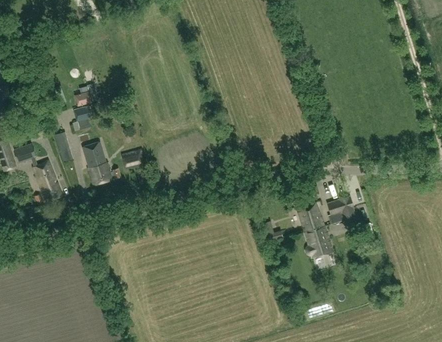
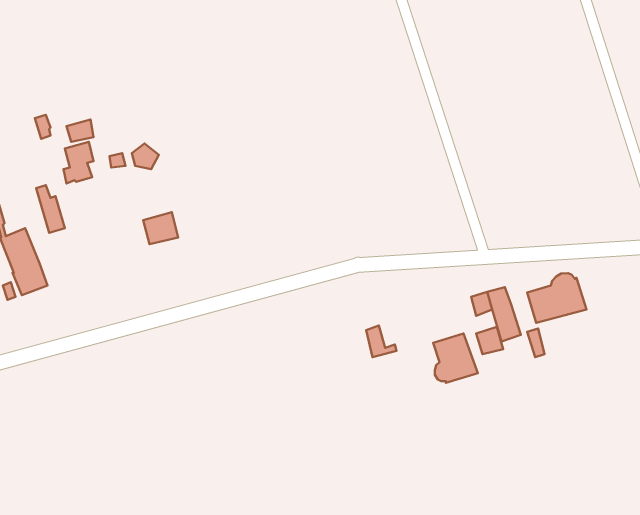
building: [84,143,121,185] -> none
building: none -> [527,273,587,323]
building: [297,203,324,232] -> none

